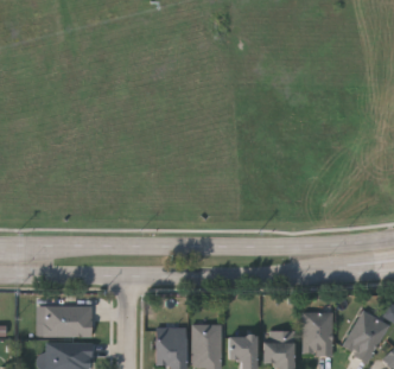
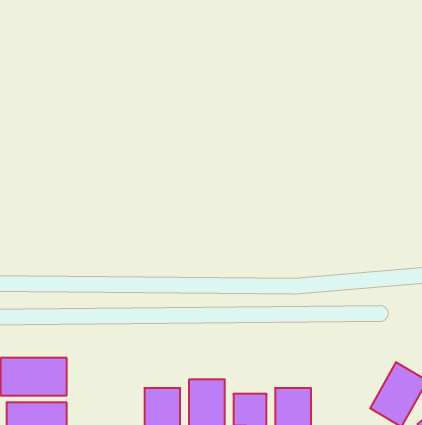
building: [303,313,332,355] -> none

